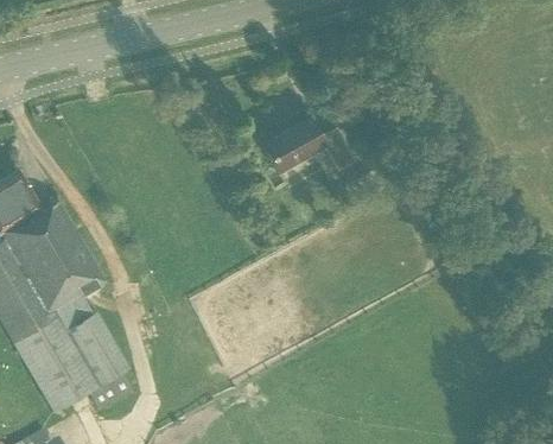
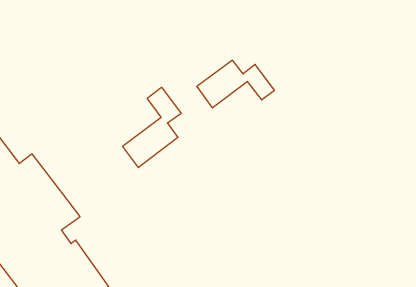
building: none -> [122,87,181,168]

